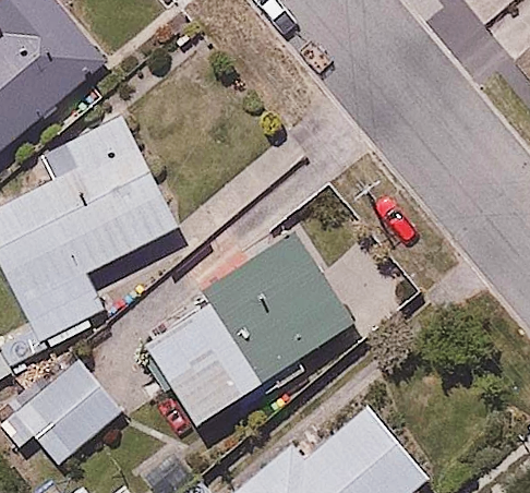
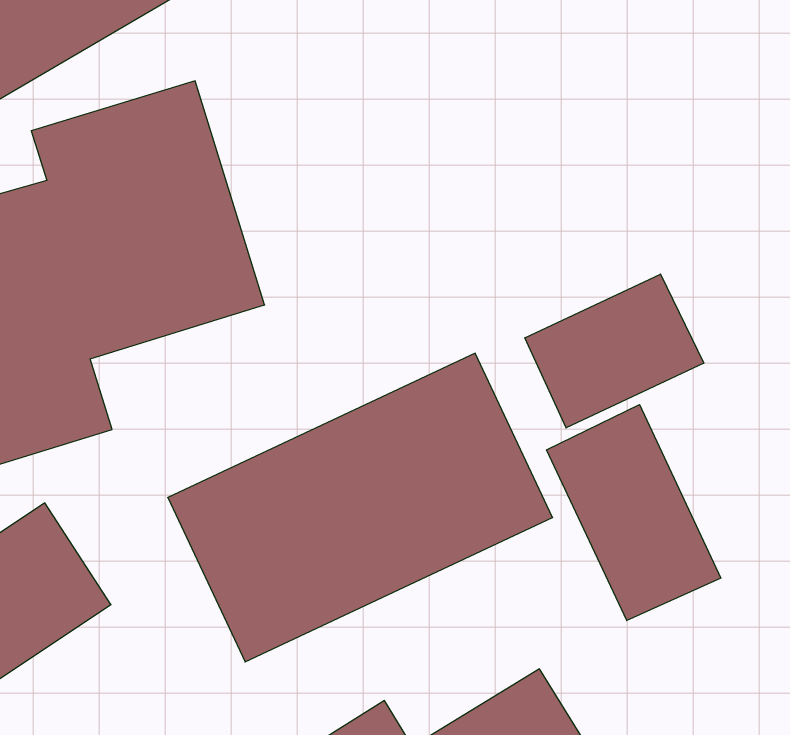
building: none -> [525,274,704,428]
building: none -> [547,405,721,621]

